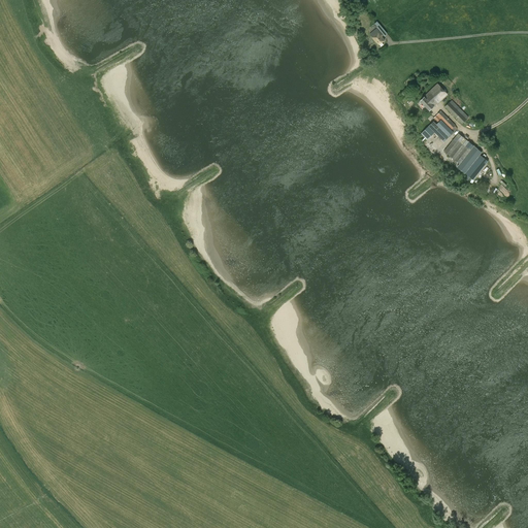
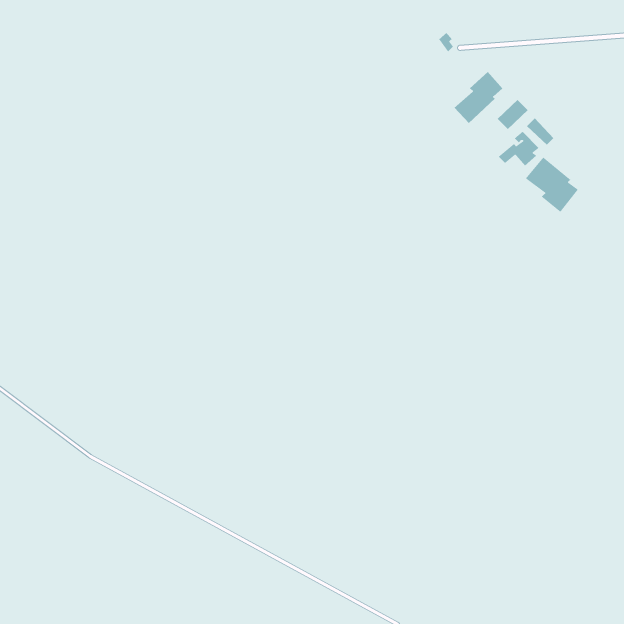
building: none -> [453,71,503,124]

